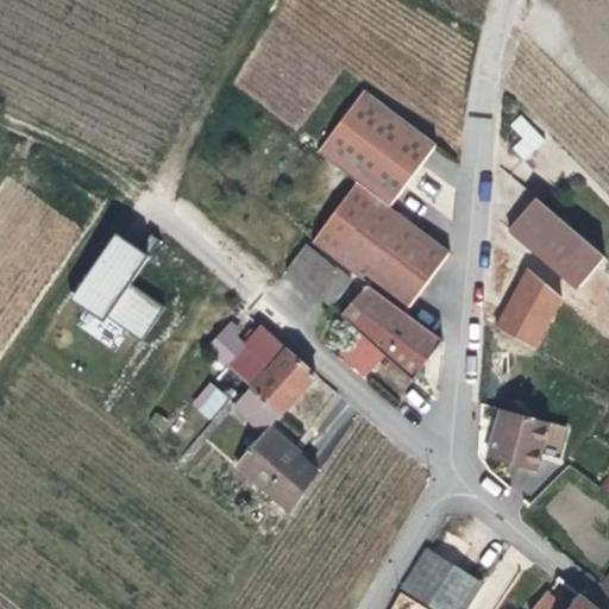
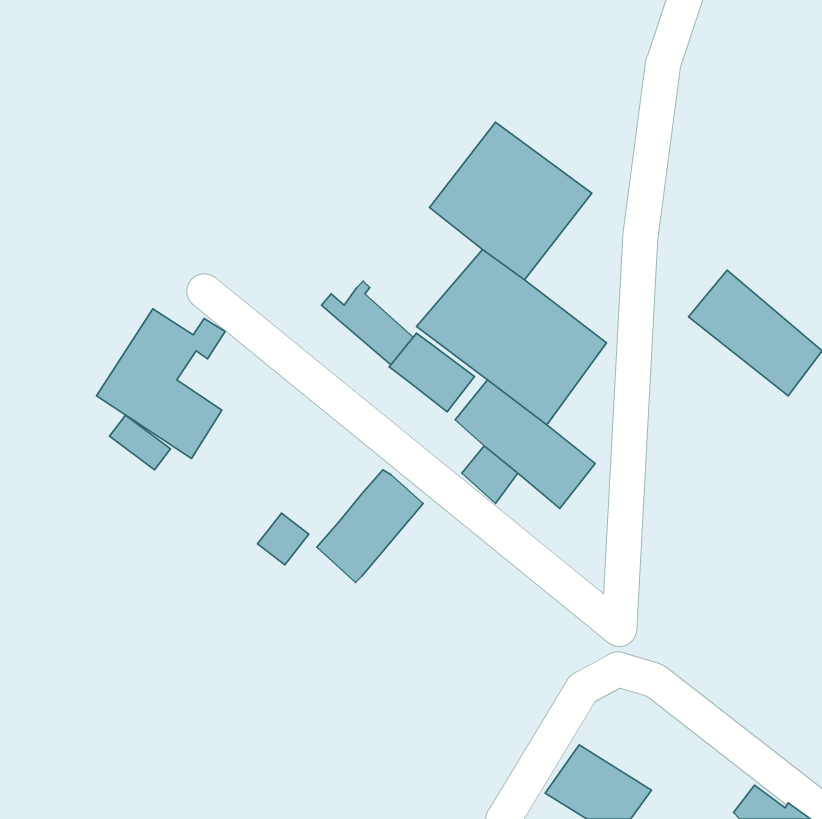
building: [492,269,566,347] -> none
building: [200,324,268,385] -> [322,281,413,365]
building: [486,409,548,473] -> none
building: [237,426,319,509] -> none

